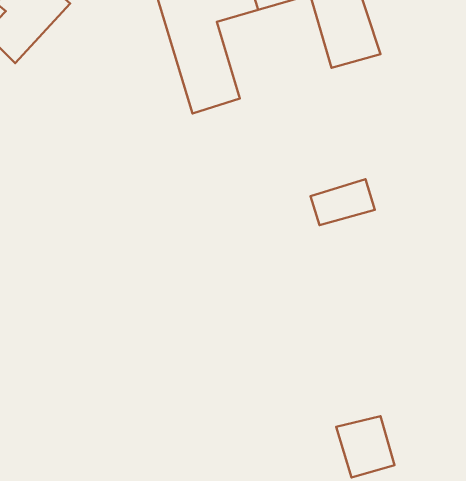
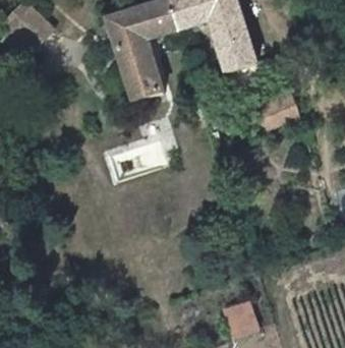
building: [310,179,375,225] -> [257,93,300,123]

